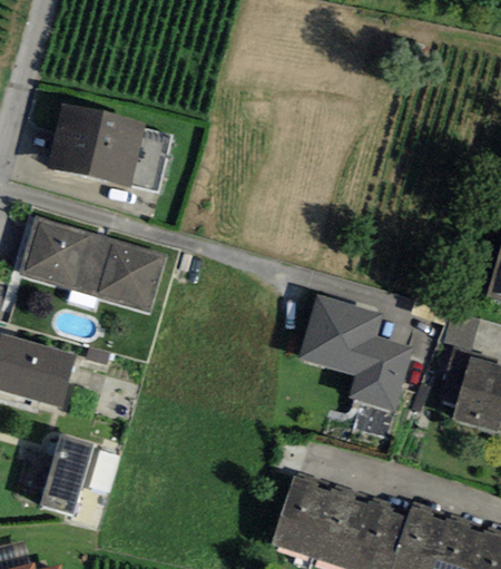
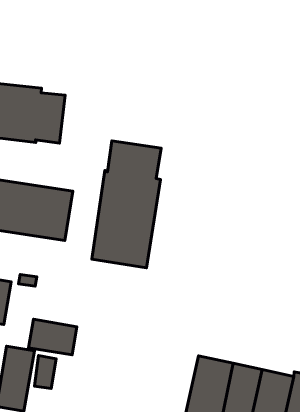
building: none -> [92,141,161,268]
building: [297,294,413,412] -> none
building: none -> [28,319,77,355]

